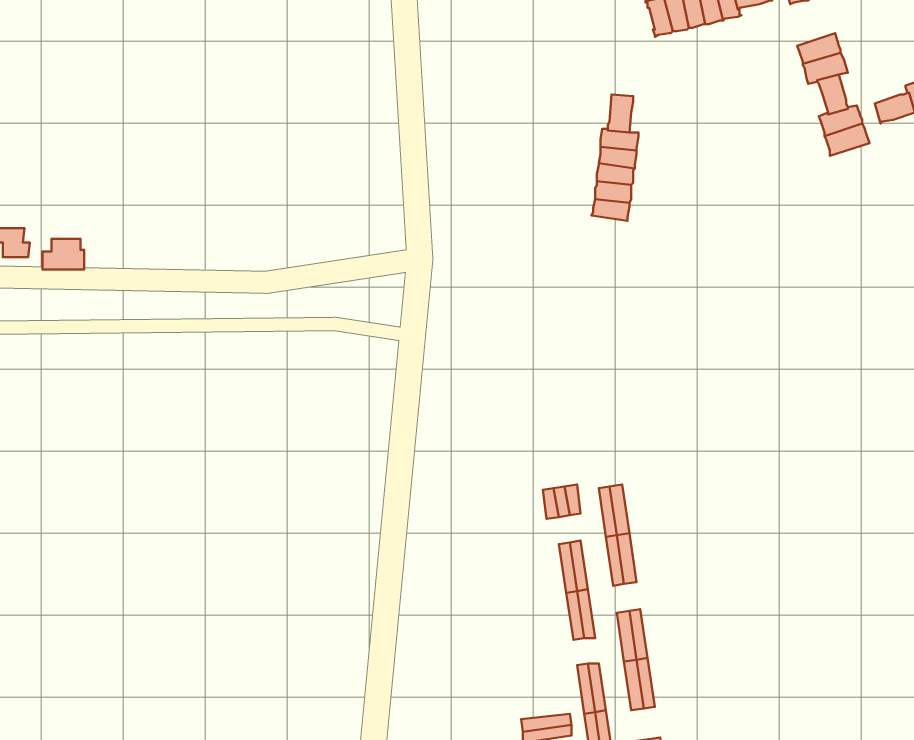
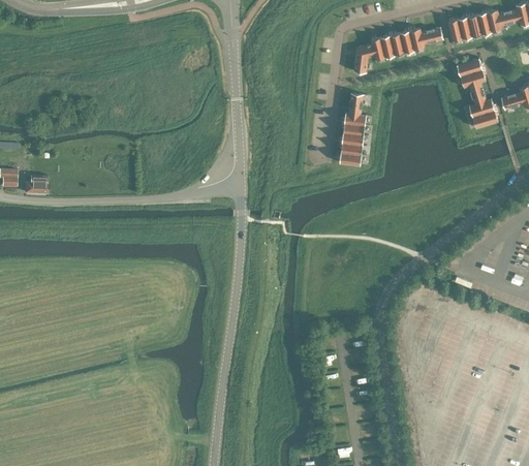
building: none -> [354,44,376,73]

